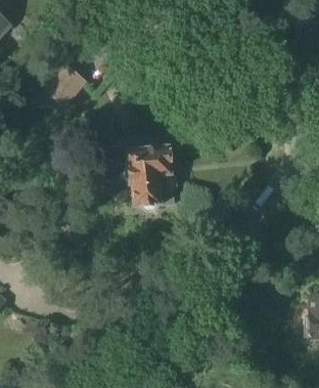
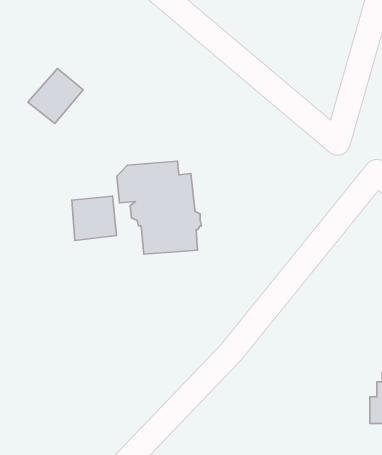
building: none -> [72,196,117,241]

